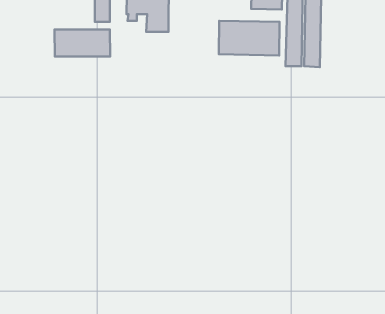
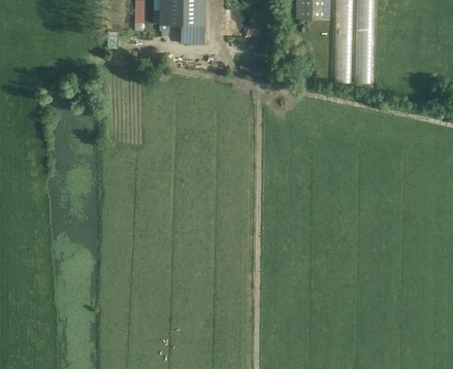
building: [219,21,279,55] -> none
building: [55,30,110,56] -> none

